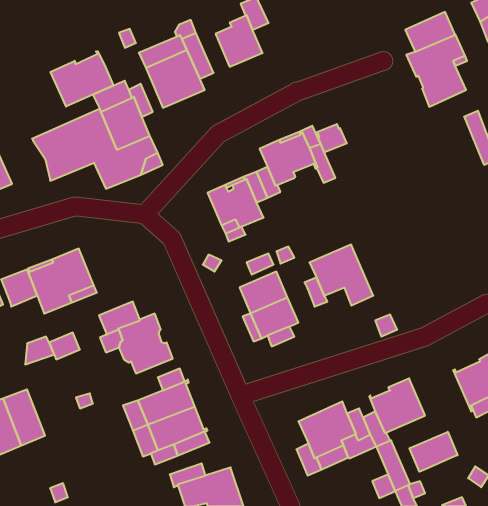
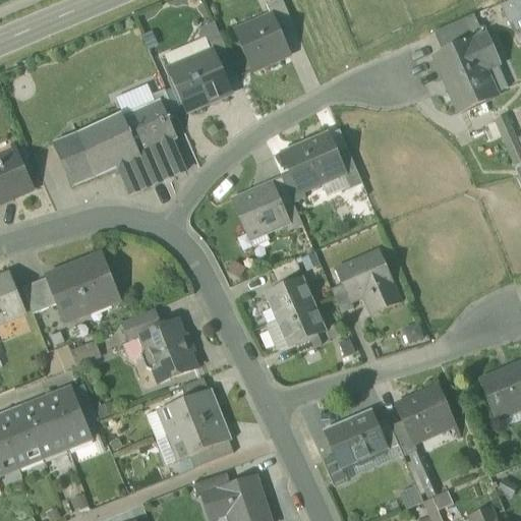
building: [50,51,113,107] -> none
building: [317,124,347,152] -> [320,167,350,195]
building: none -> [48,387,92,444]
building: [410,432,458,472] -> none

